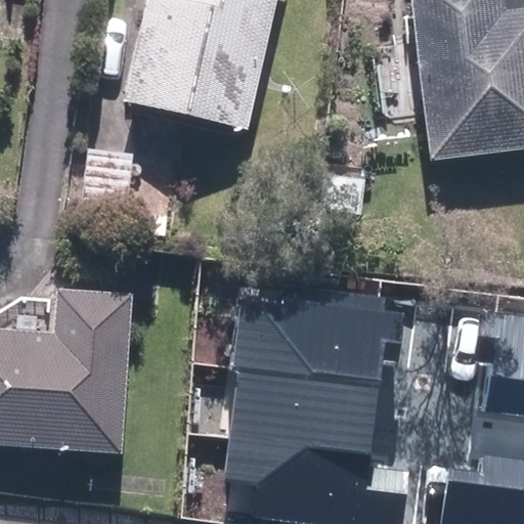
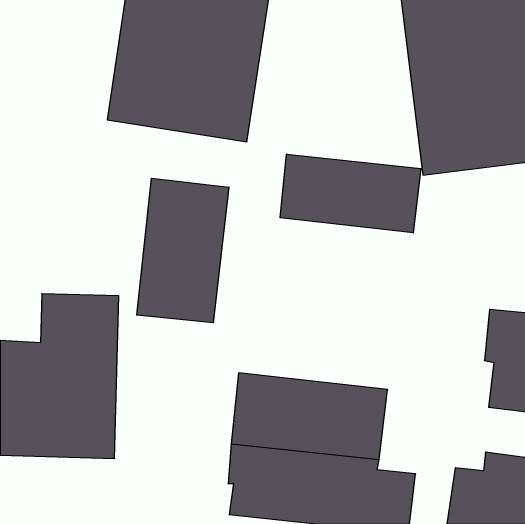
building: none -> [280,154,421,233]
building: none -> [137,178,229,323]
building: [242,279,410,383] -> none

